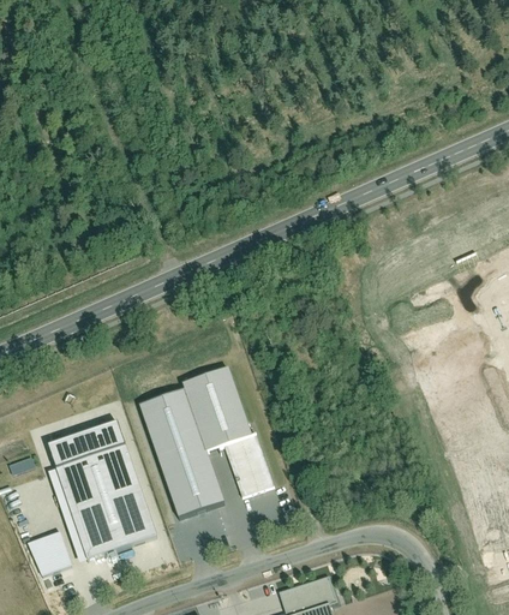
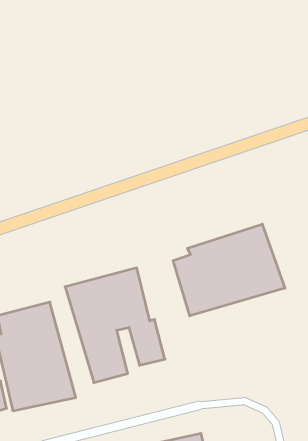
building: none -> [173,224,285,316]

